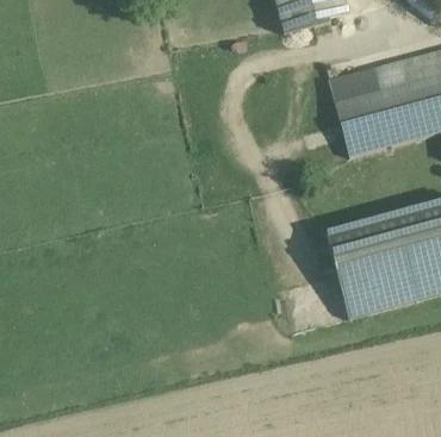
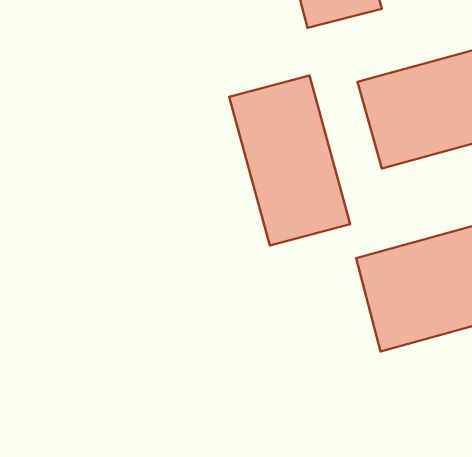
building: none -> [229,76,350,245]

